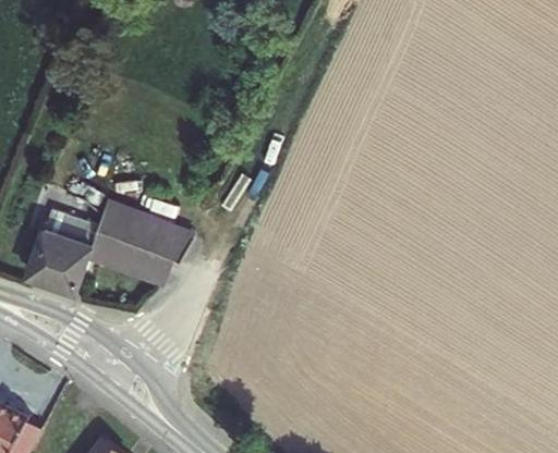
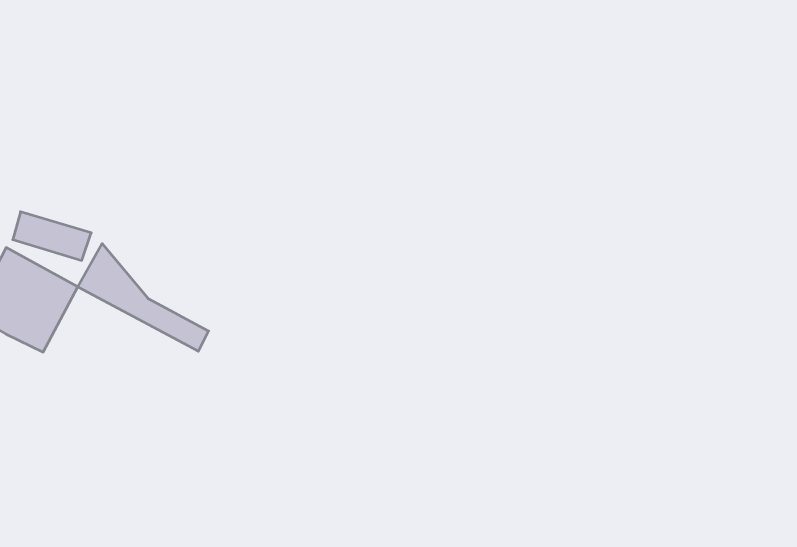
building: [105,205,192,265] -> none

